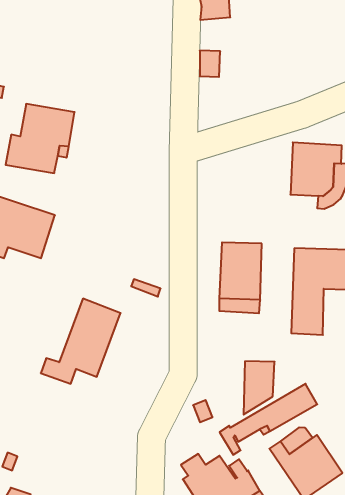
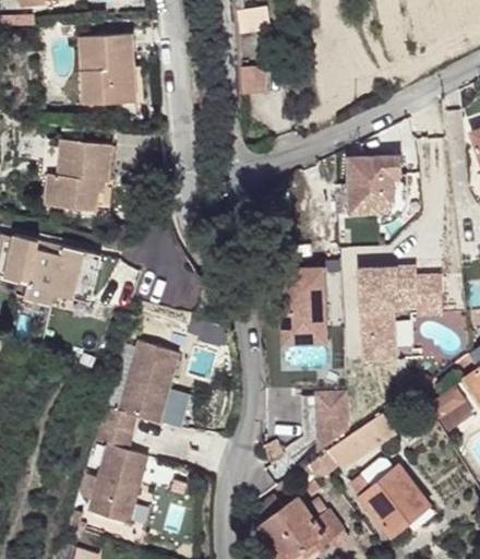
building: none -> [79,34,135,105]
building: none -> [76,424,147,523]

